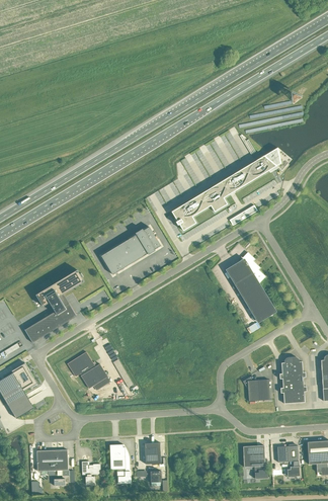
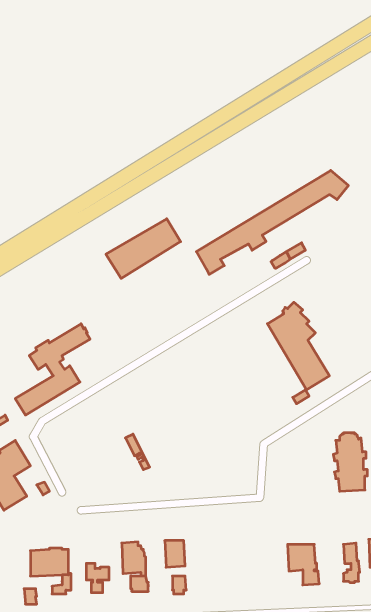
building: [100,227,160,274] -> [106,219,181,278]
building: [67,351,109,390] -> none
building: [242,377,269,401] -> none

